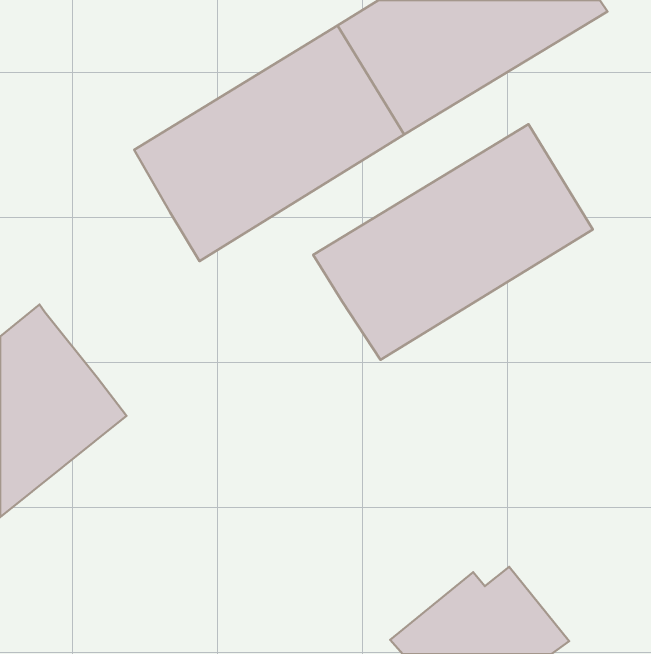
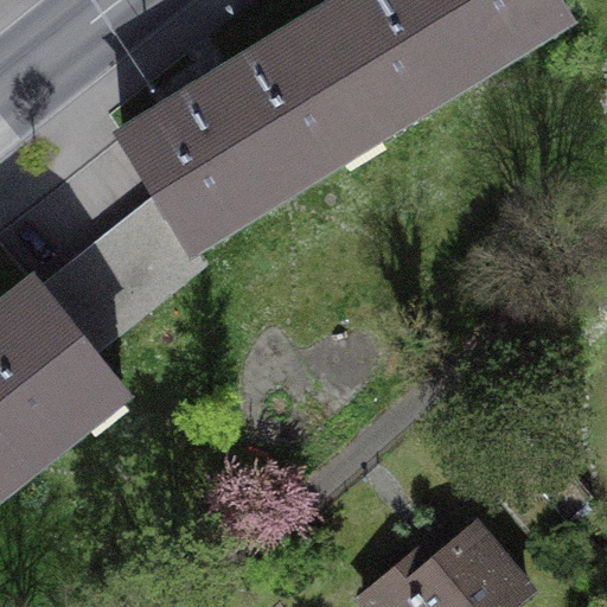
building: [313,124,593,360] -> none
building: none -> [44,197,200,350]

